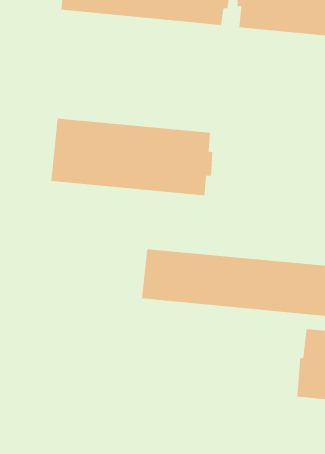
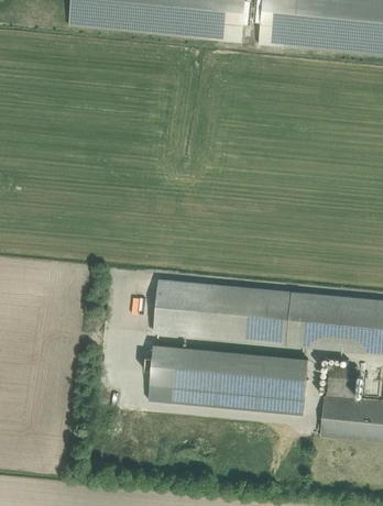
building: [51,118,213,196] -> none
building: none -> [147,343,307,414]

